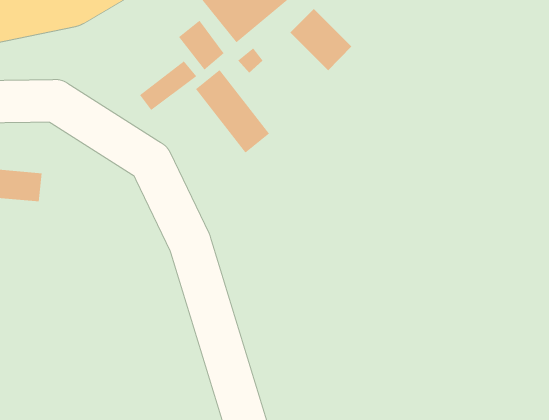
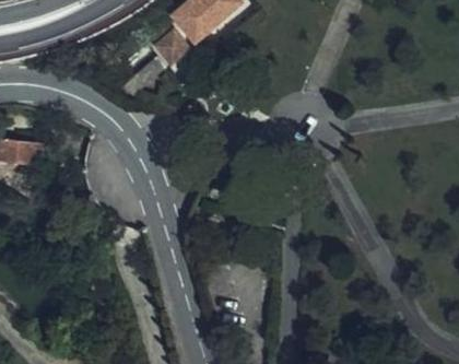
building: [290,8,352,71] -> none
building: [195,69,270,153] -> none

